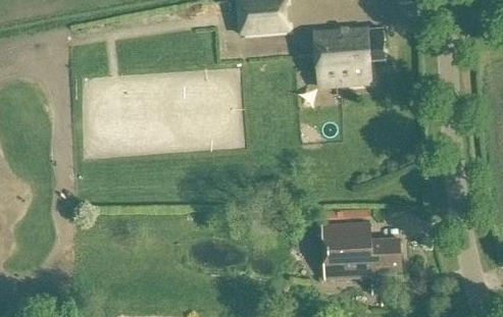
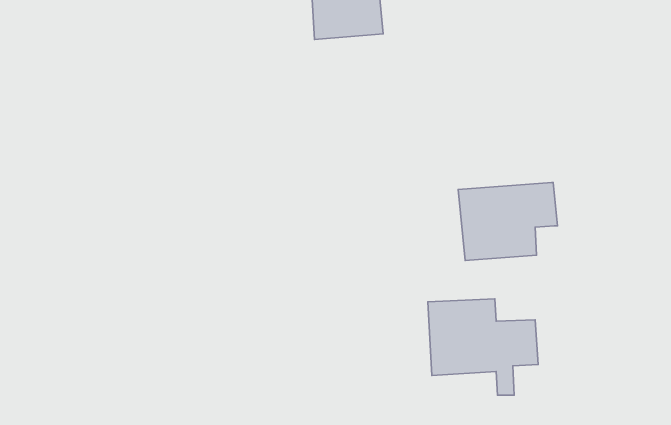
building: [314,29,387,86] -> [458,182,557,261]

